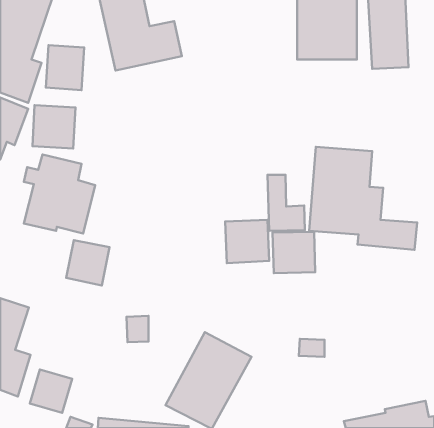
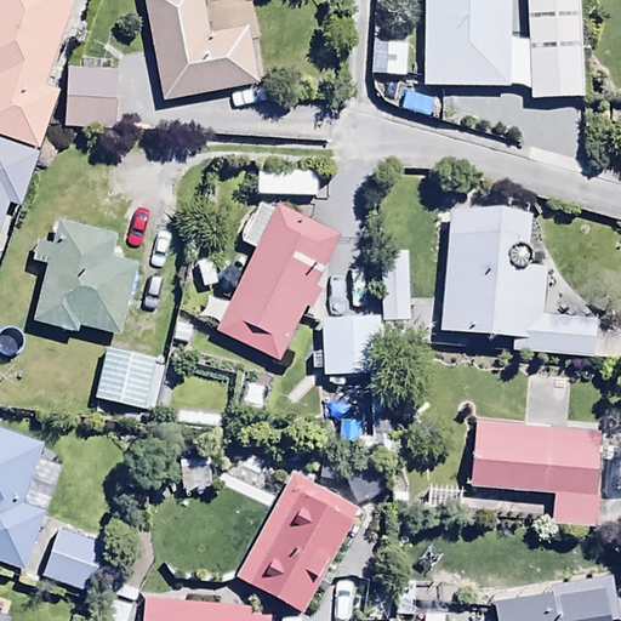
building: [32,105,75,149] -> none
building: none -> [201,200,340,358]
building: [273,232,315,273] -> none
building: none -> [471,380,606,524]

